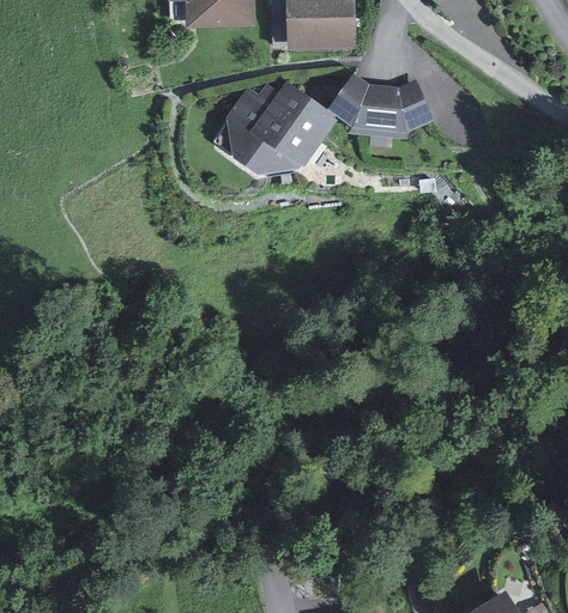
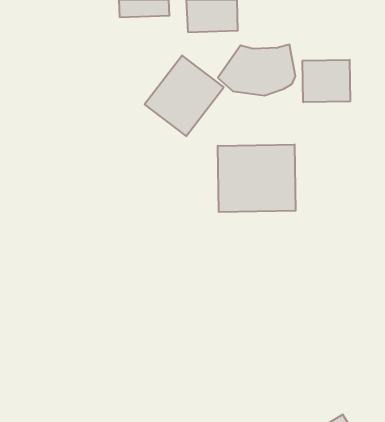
building: none -> [303,60,350,102]
building: none -> [218,144,296,212]

